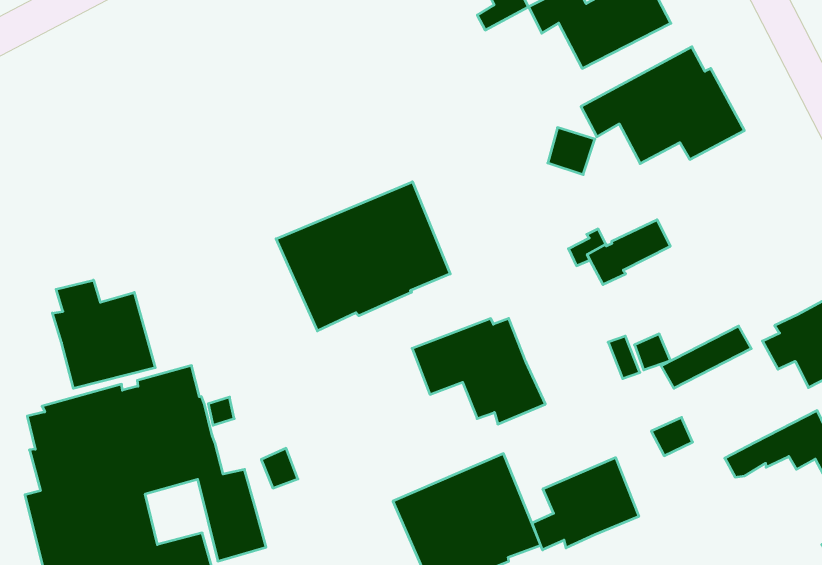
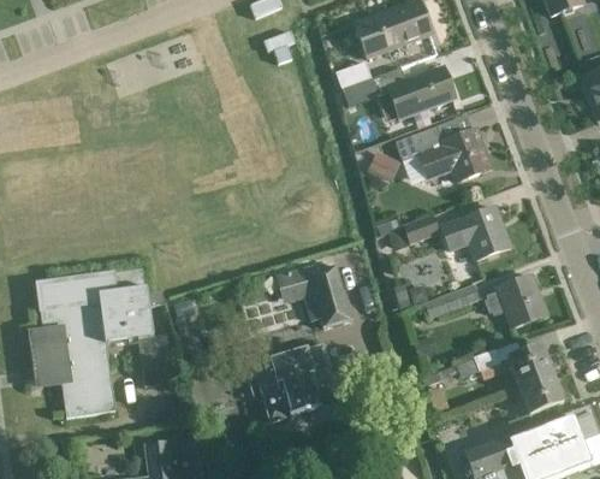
building: [276,182,450,331] -> none
building: none -> [440,207,510,260]
building: [52,280,155,388] -> none
building: [532,458,639,550] -> none

